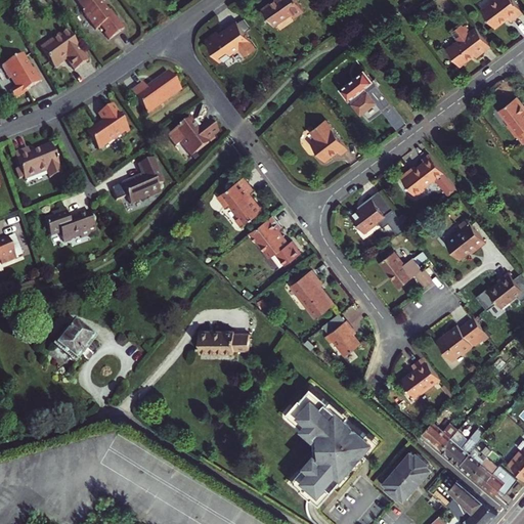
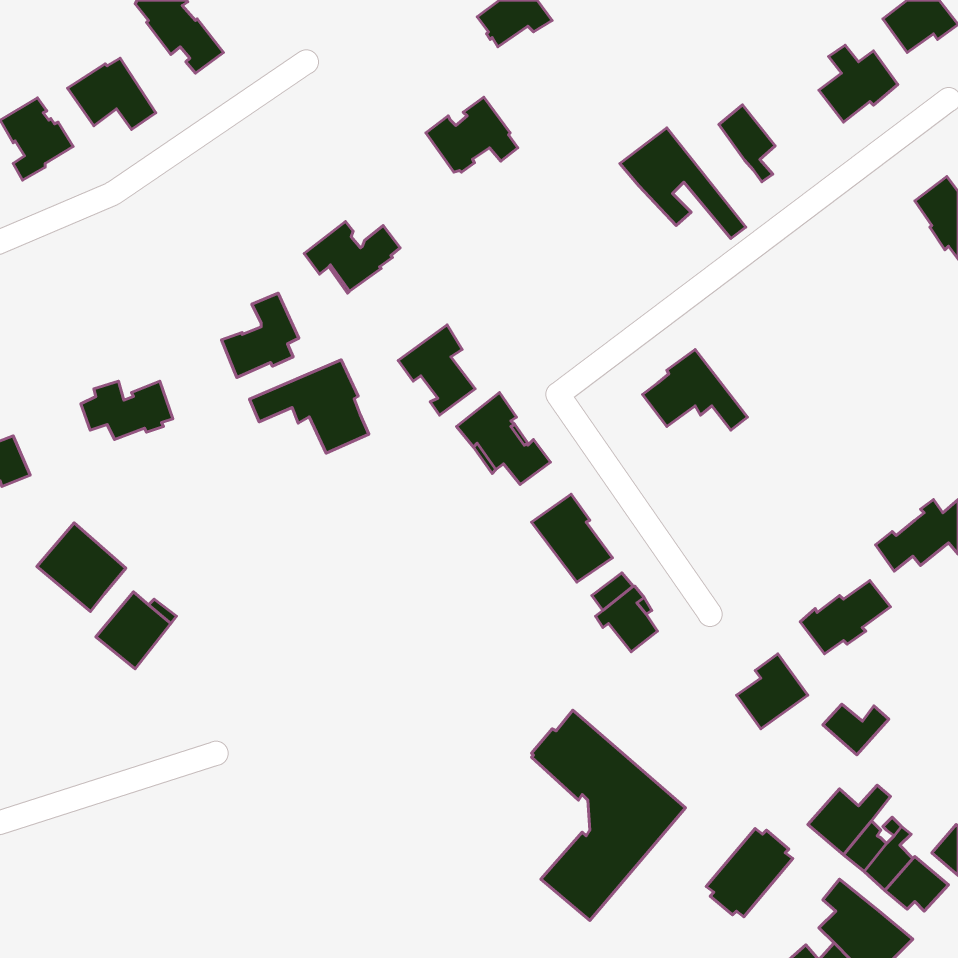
building: [201,20,251,61] -> [426,97,518,172]
building: none -> [719,105,775,182]
building: [129,74,178,116] -> none
building: [84,105,128,151] -> none
building: [309,120,348,163] -> none
building: [14,145,62,180] -> none
building: [400,154,457,198] -> none
building: none -> [250,360,369,453]
building: [445,220,485,260] -> none
building: [379,252,421,288] -> none
building: none -> [37,523,126,611]
building: [199,331,249,353] -> none
building: [422,423,457,450] -> [823,704,889,755]

